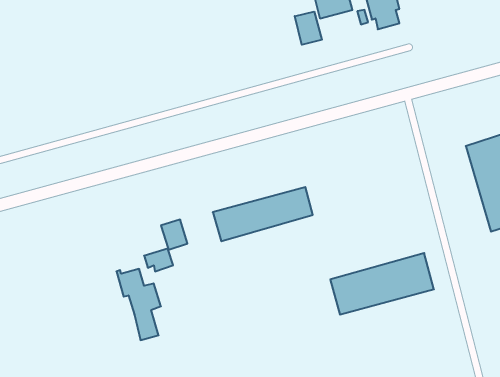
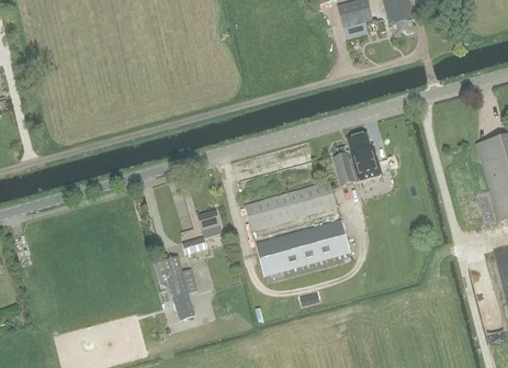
building: [295,12,322,45] -> none
building: none -> [334,132,382,185]
building: [330,253,434,315] -> [256,219,350,275]

